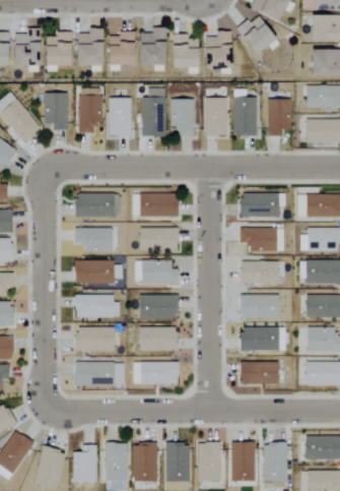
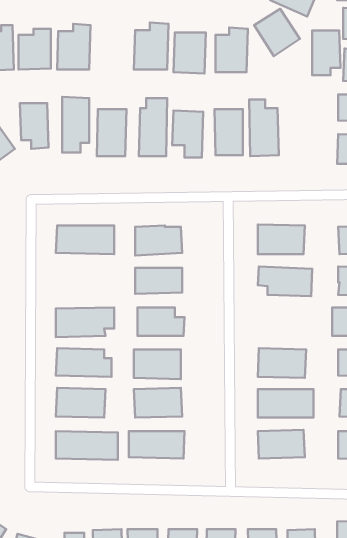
building: [106,30,134,65] -> none
building: [268,99,291,135] -> [312,31,341,75]
building: [74,228,112,251] -> none
building: [240,260,278,284] -> none

